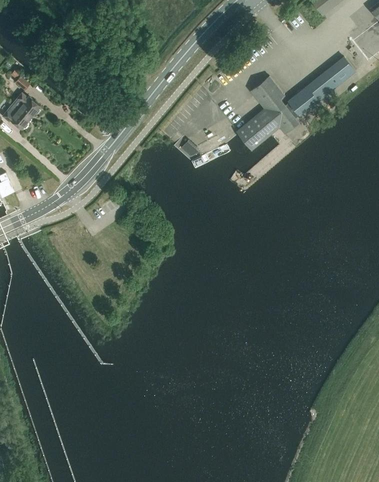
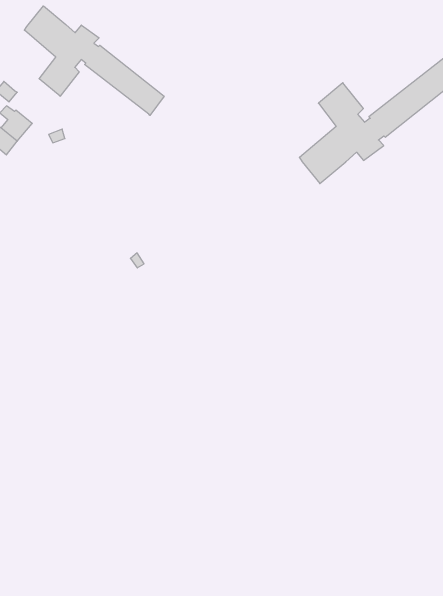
building: none -> [24,6,164,115]

